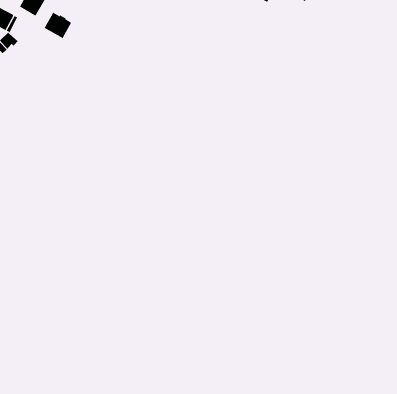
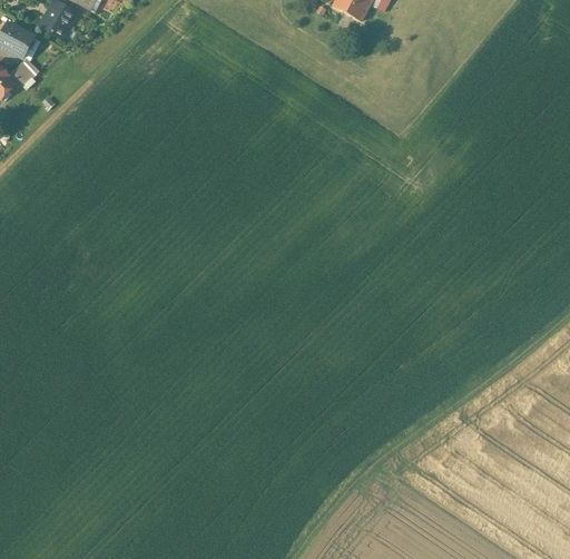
building: [44,11,72,39] -> none

